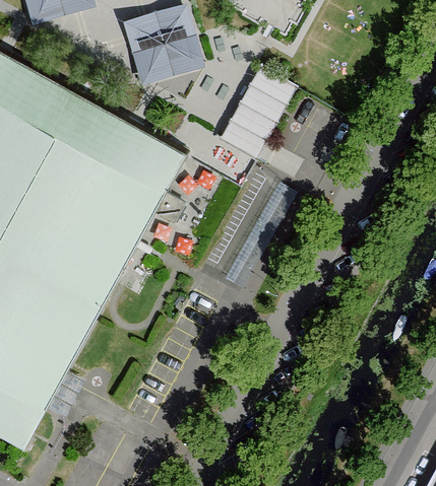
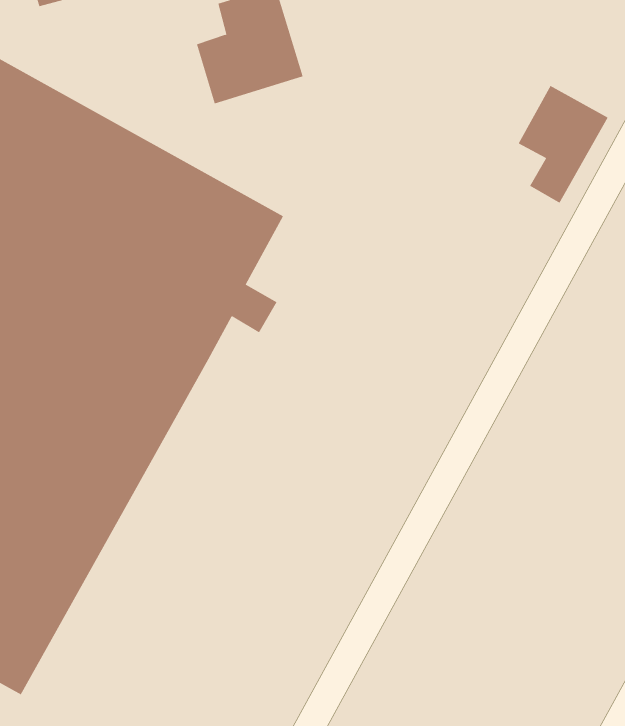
building: [235,70,292,144] -> [518,85,609,204]

